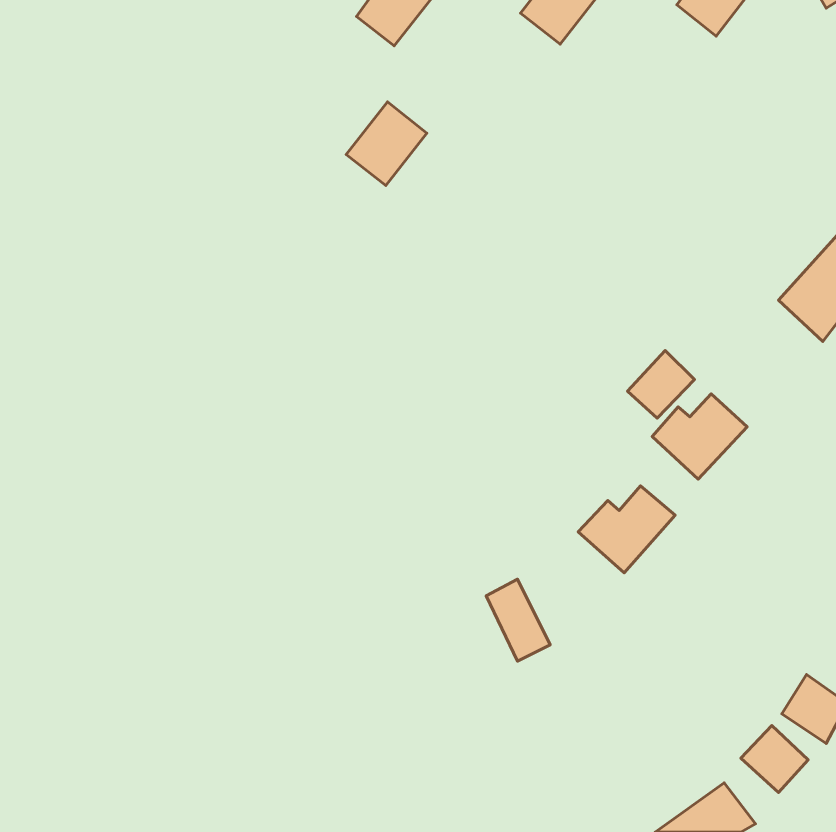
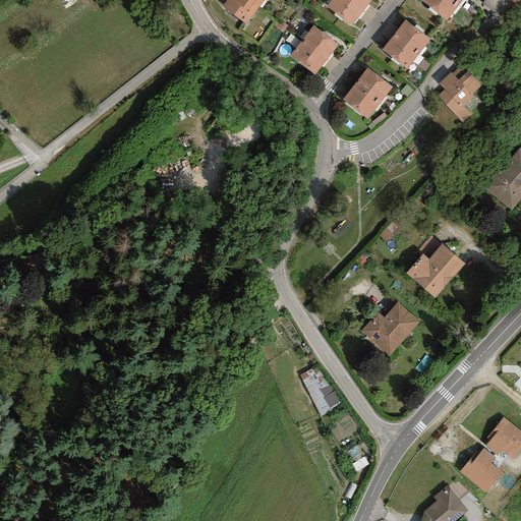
building: none -> [381,19,431,71]
building: none -> [440,61,485,118]
building: [346,102,427,186] -> [289,23,339,75]
building: none -> [342,67,393,119]
building: [628,350,695,418] -> none

